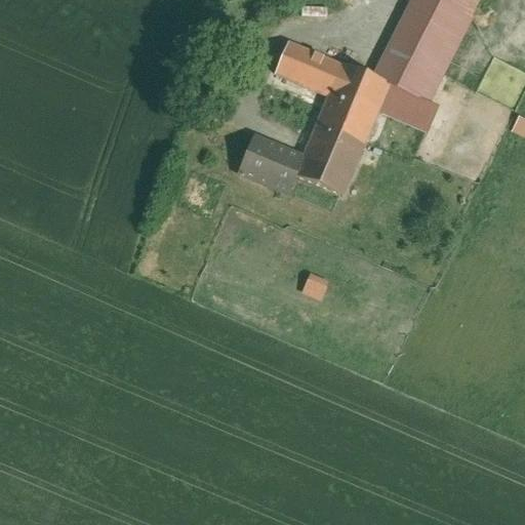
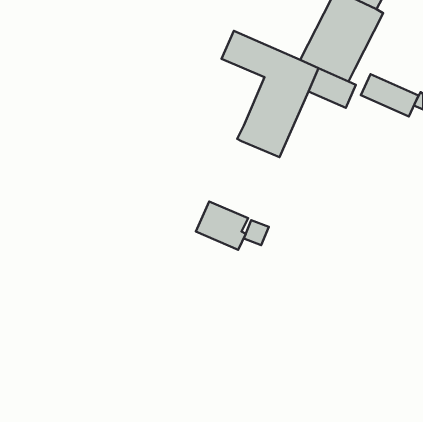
building: none -> [361,74,418,116]
building: [237,134,301,194] -> [196,201,248,250]

